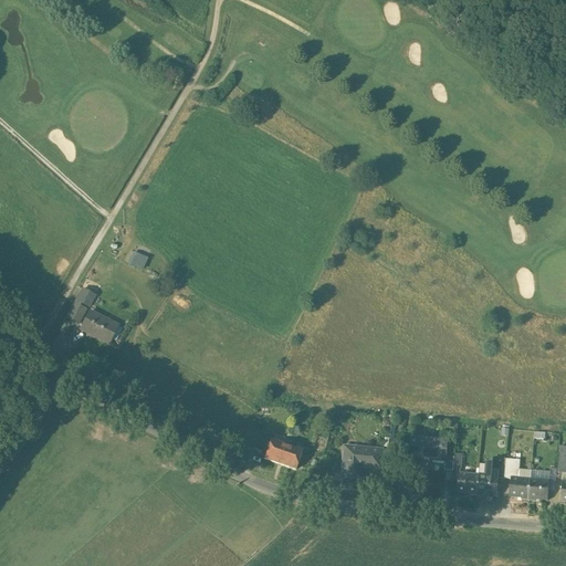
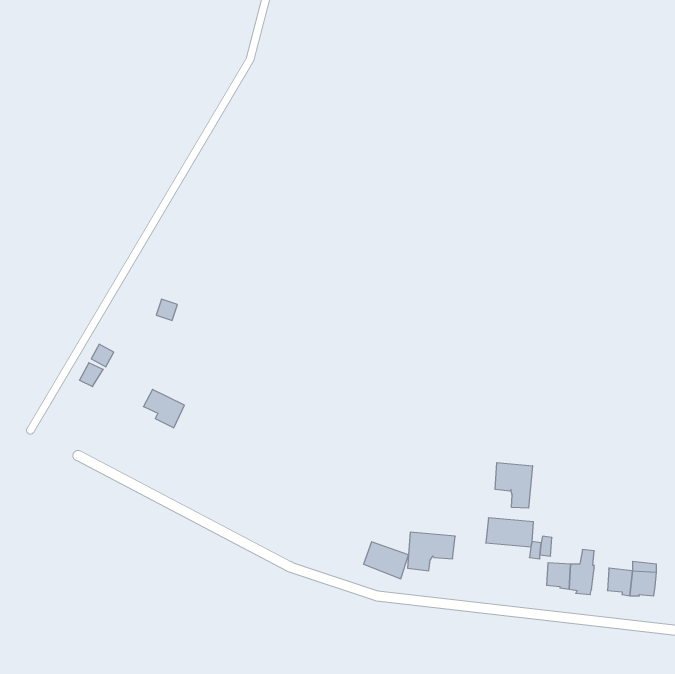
building: [83,311,117,343] -> [143,389,184,428]
building: none -> [495,463,533,508]
building: [265,439,303,470] -> [364,542,409,579]

